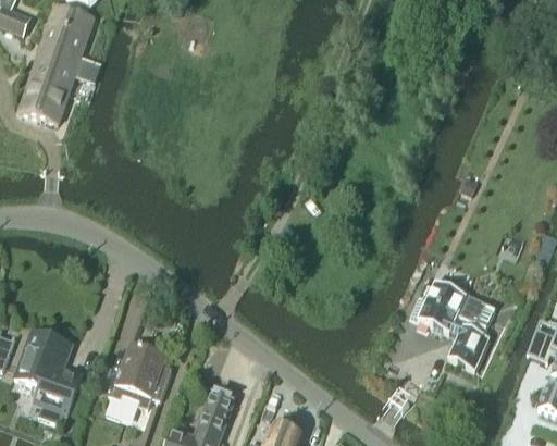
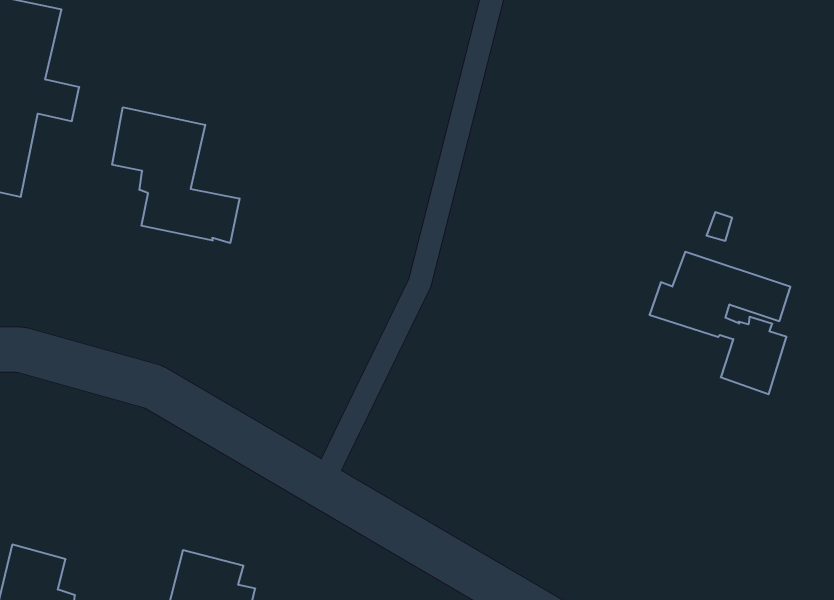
building: none -> [112,107,240,243]
building: [411,280,496,369] -> [649,252,790,394]

